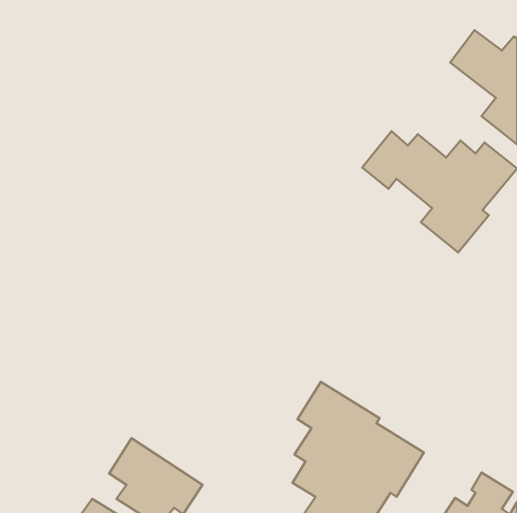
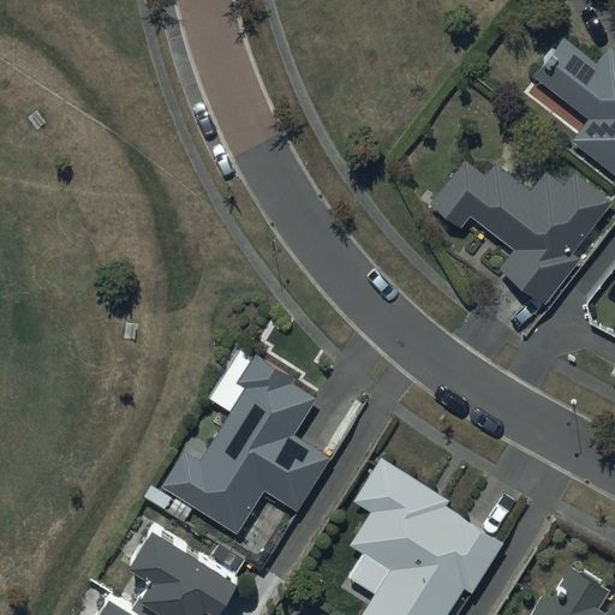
building: none -> [144,350,332,556]

